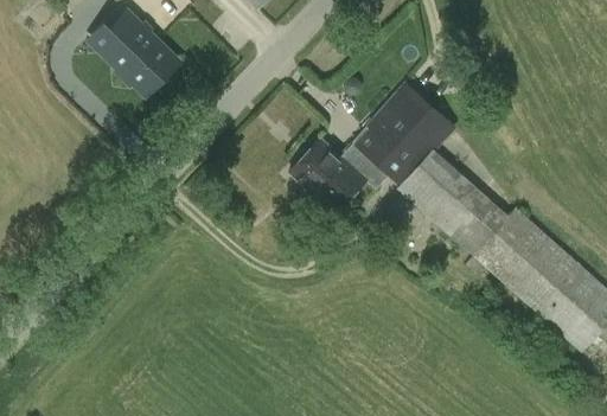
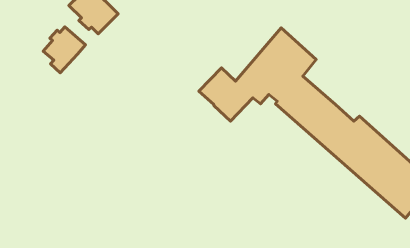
building: none -> [43,27,86,73]

